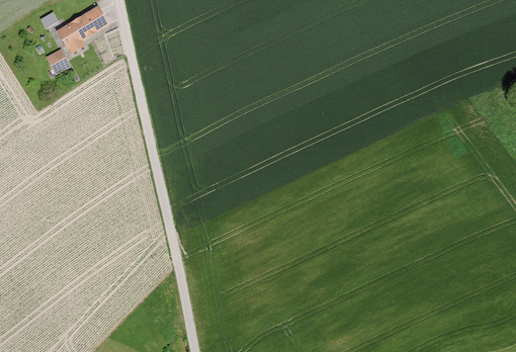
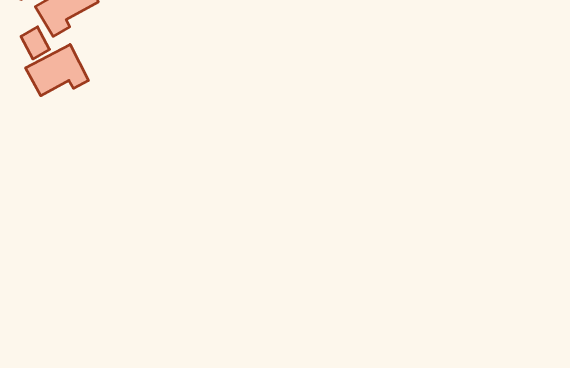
building: none -> [26,44,88,96]

